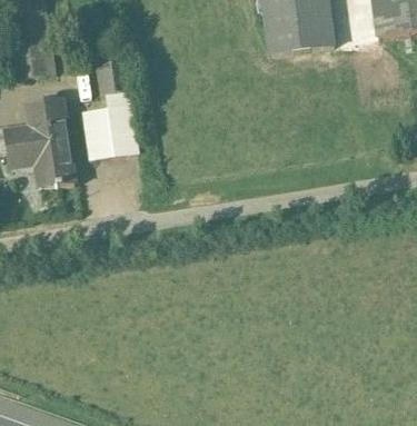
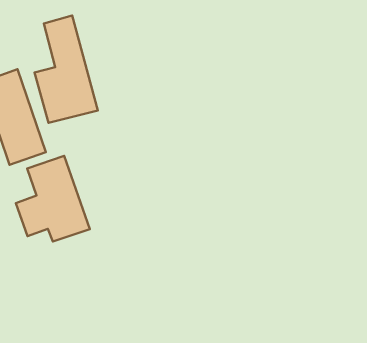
building: none -> [16,156,90,242]

